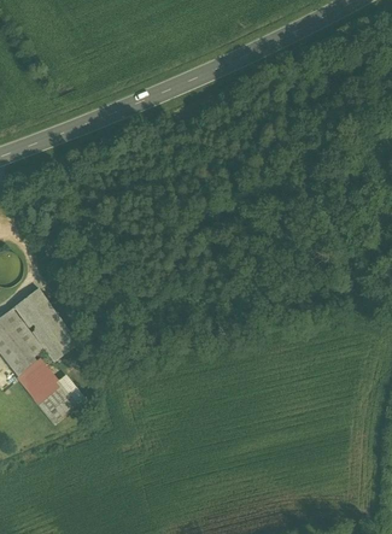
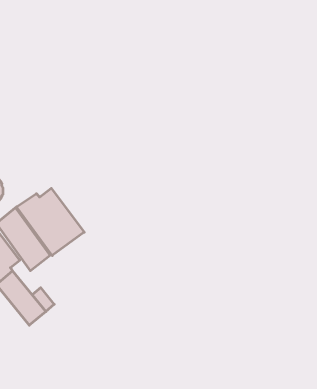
building: none -> [17,188,84,256]

